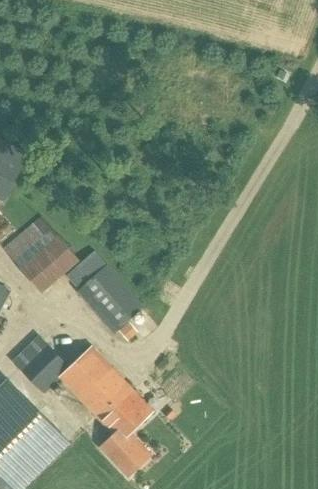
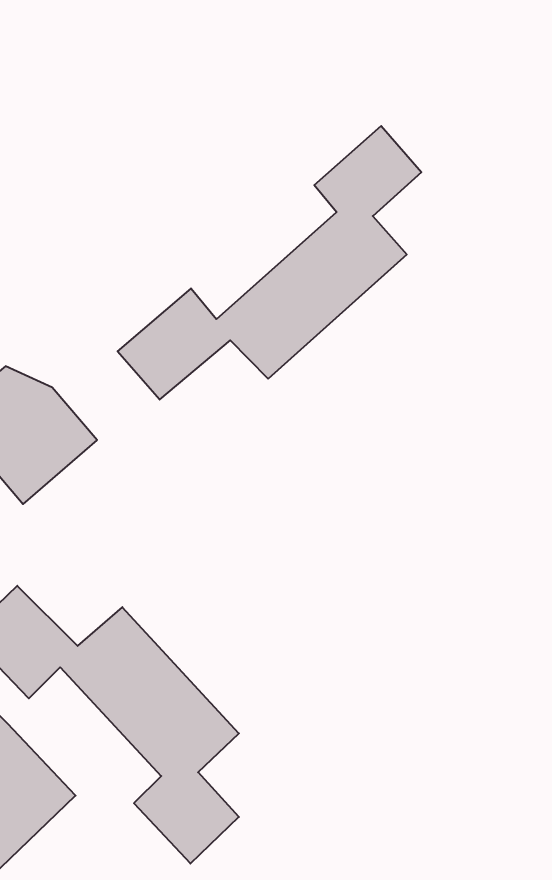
building: none -> [118,126,421,400]
building: [65,255,145,332] -> none

